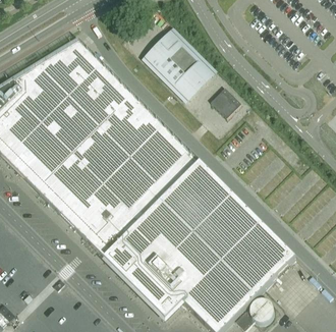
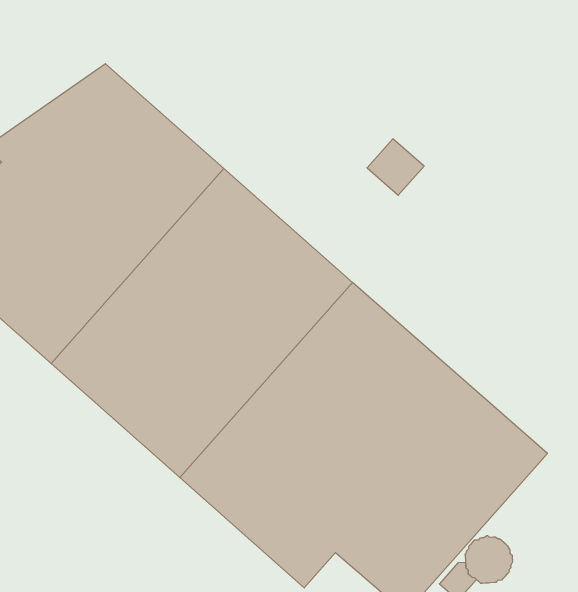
building: [149,34,211,96] -> none

